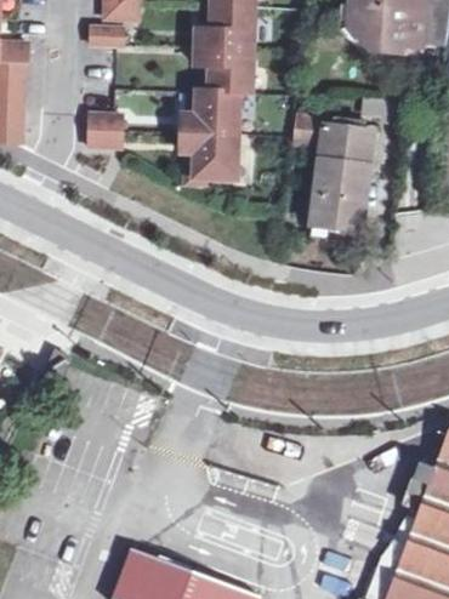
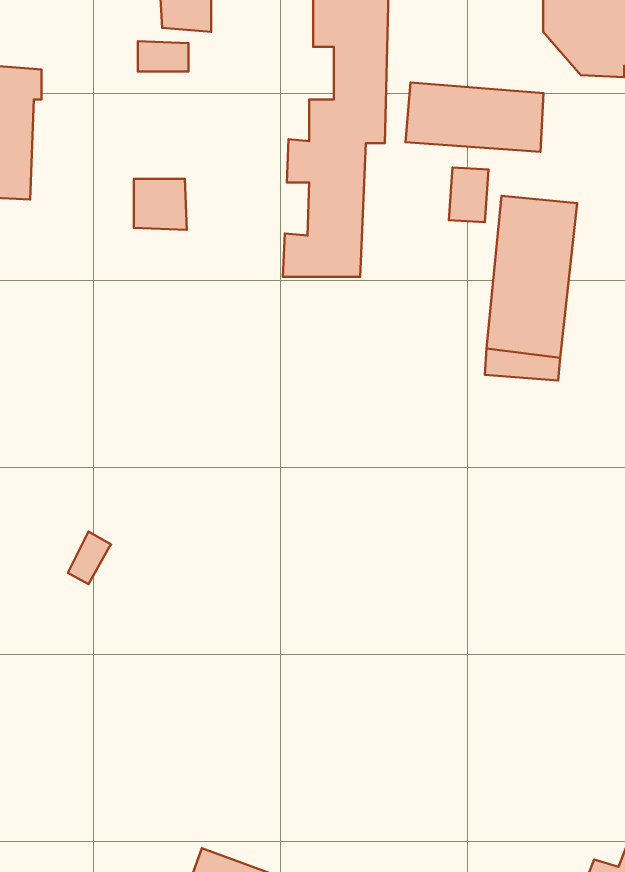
building: none -> [406,82,544,152]

